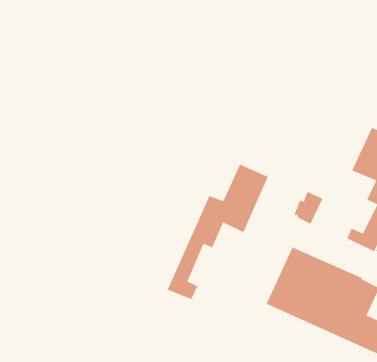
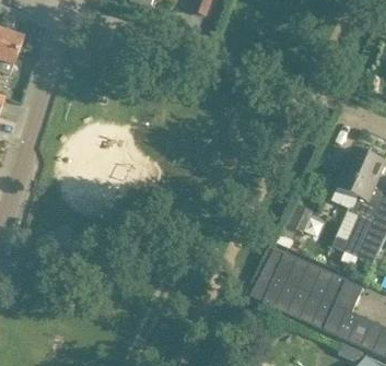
building: [166,163,269,300] -> none

